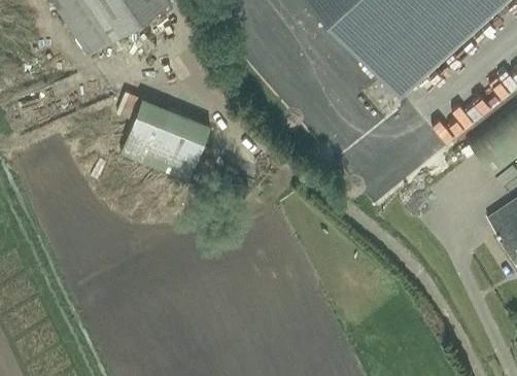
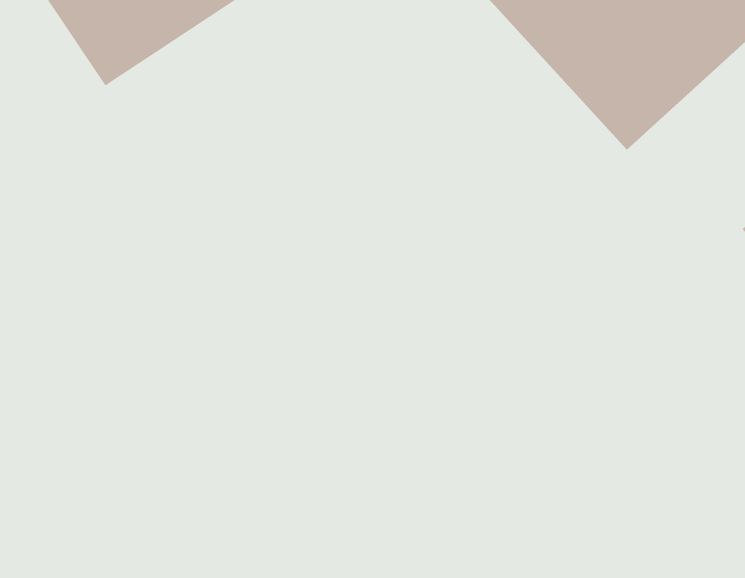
building: [118,93,210,182] -> none

